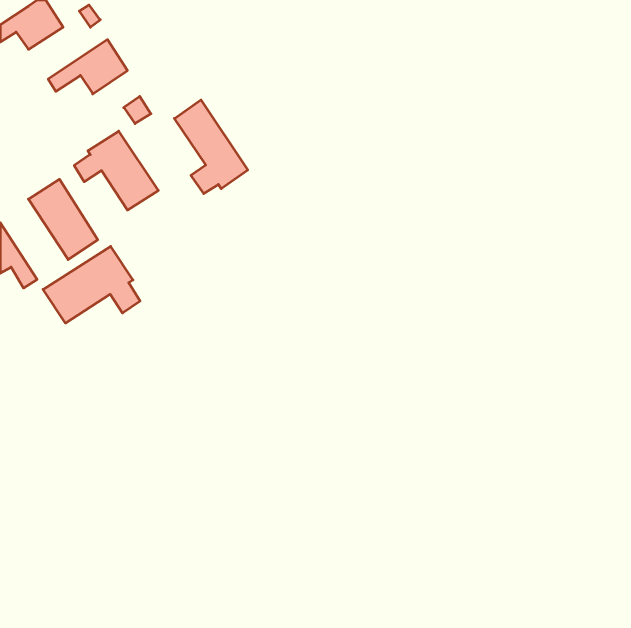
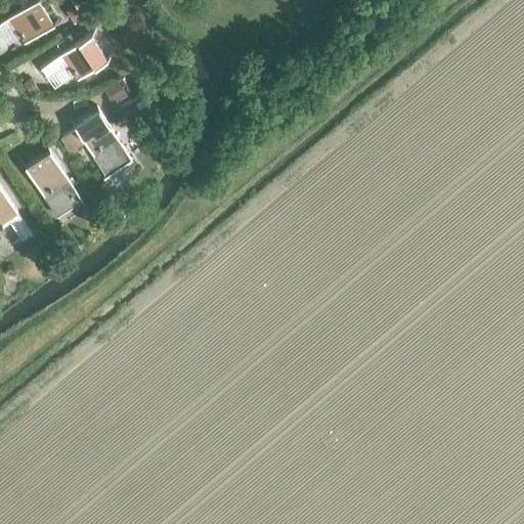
building: [174,100,248,194] -> none
building: [43,246,140,323] -> none

